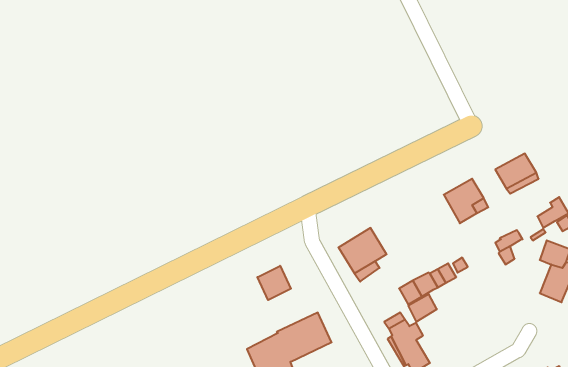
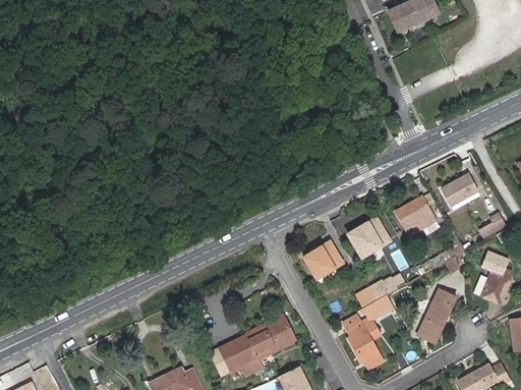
building: none -> [347,216,390,258]
building: [257,266,291,300] -> none
building: none -> [416,288,456,342]

